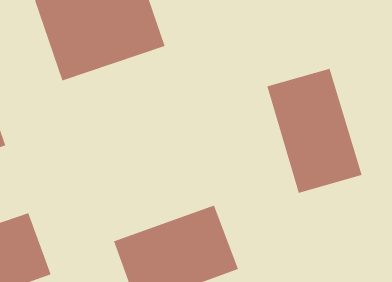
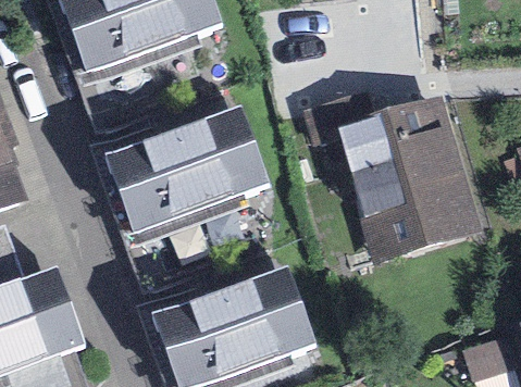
building: none -> [113,107,269,233]

